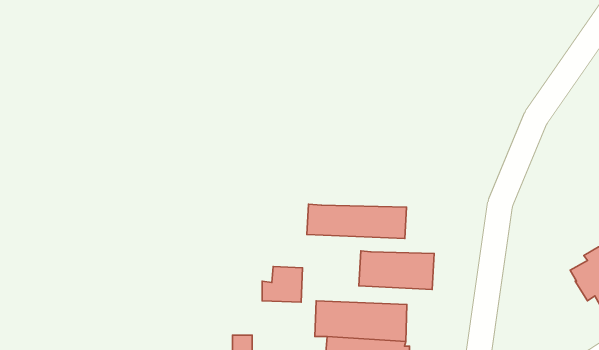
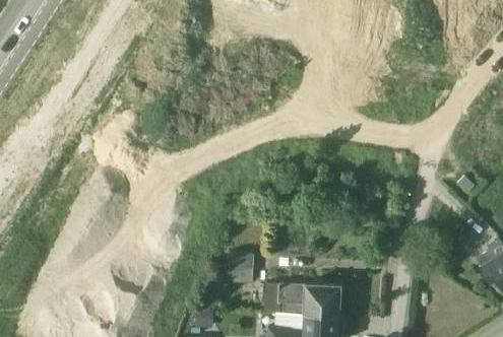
building: [307,204,406,238] -> none
building: [359,251,434,290] -> none

